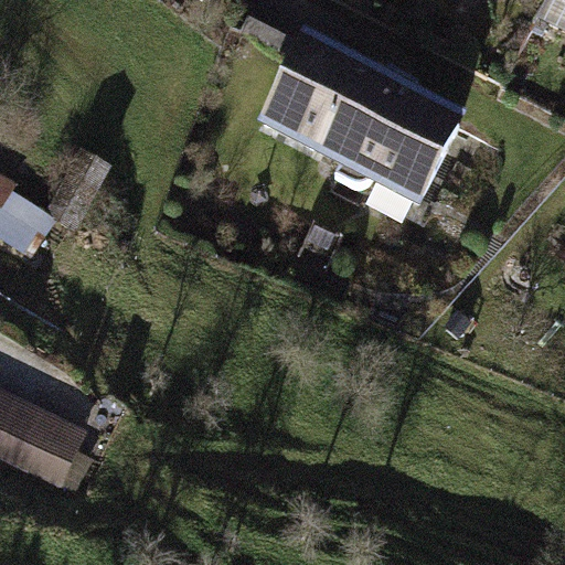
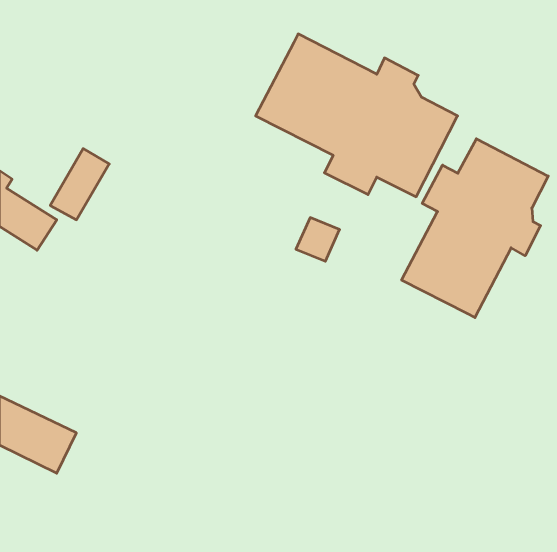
building: none -> [402,139,548,318]

